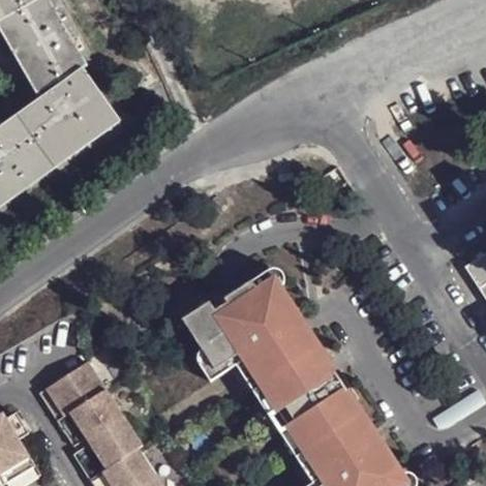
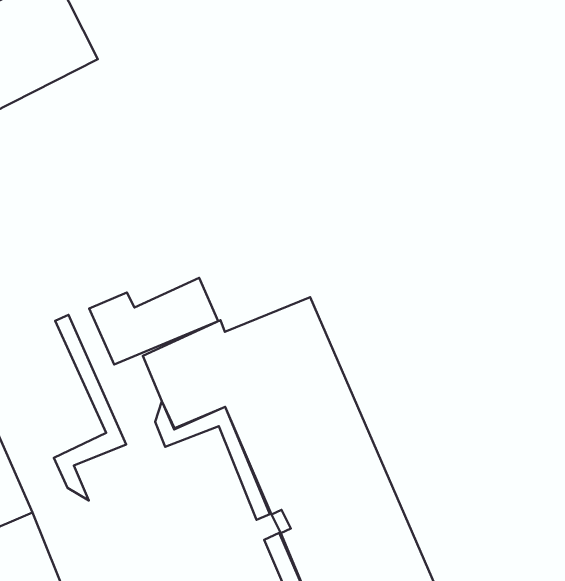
building: none -> [89,278,218,364]
building: none -> [54,315,126,501]

